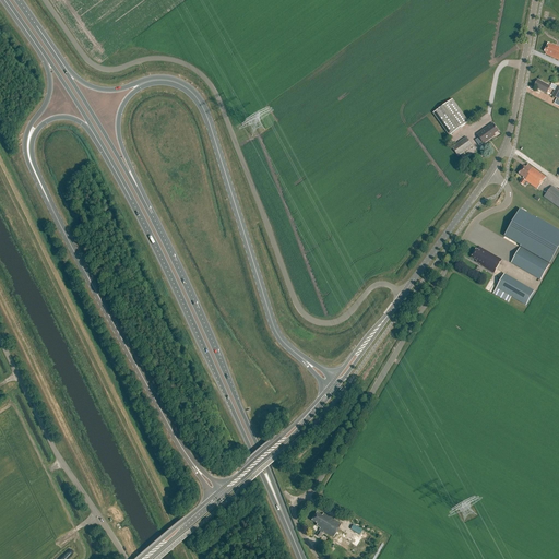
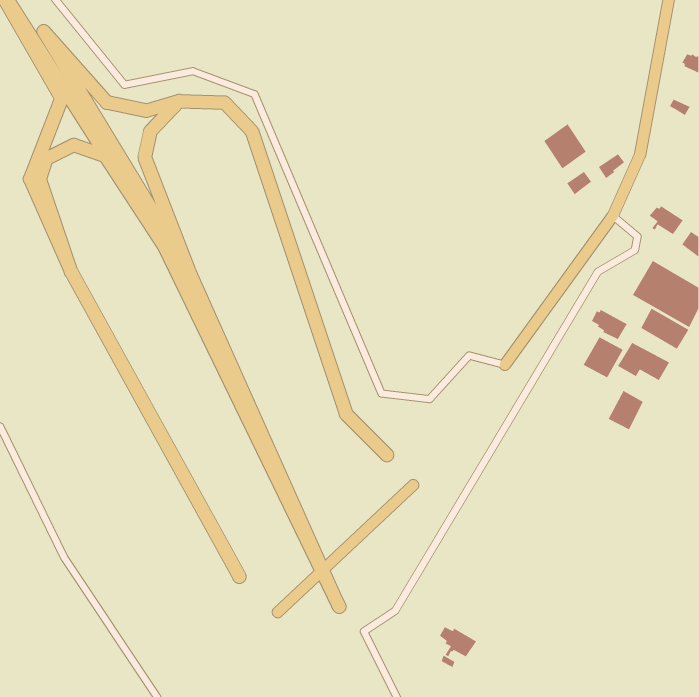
building: none -> [583,336,624,378]
building: none -> [608,390,644,430]
building: [311,511,342,536] -> [439,626,477,658]

